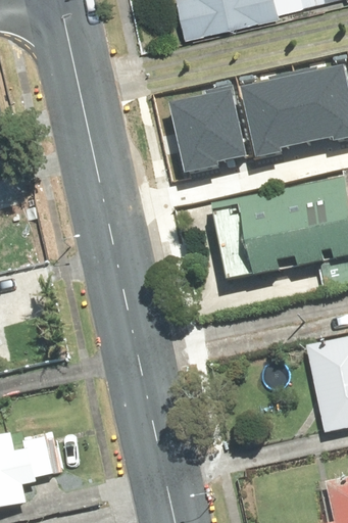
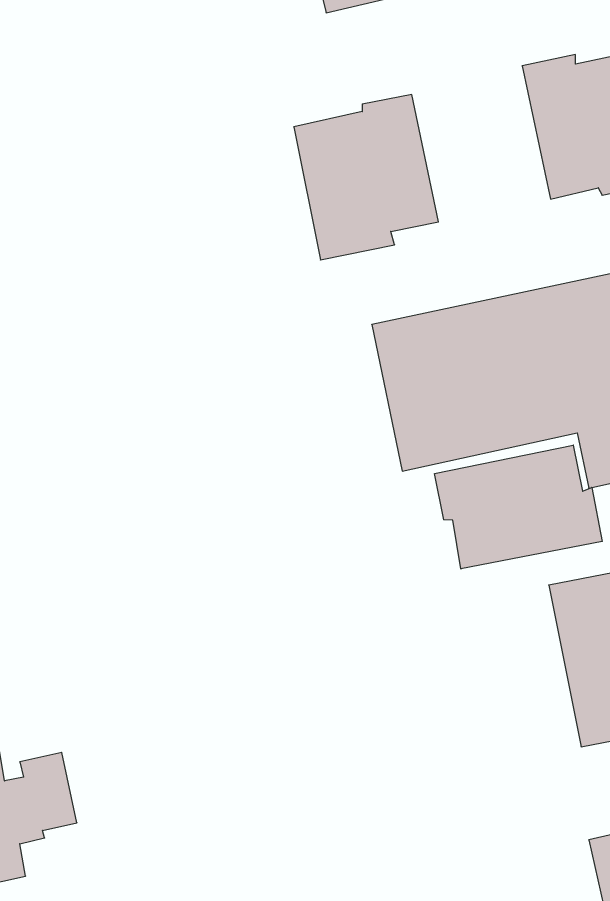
building: [241,66,306,153] -> none
building: none -> [435,445,602,569]

